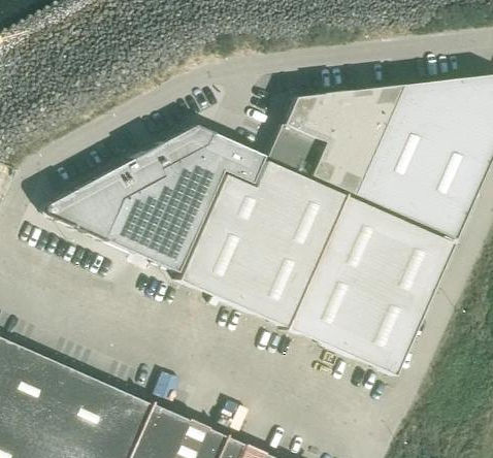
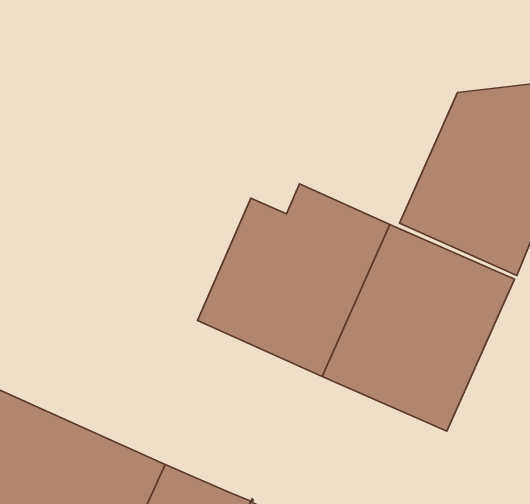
building: [270,81,405,195] -> none
building: [45,125,266,272] -> none

